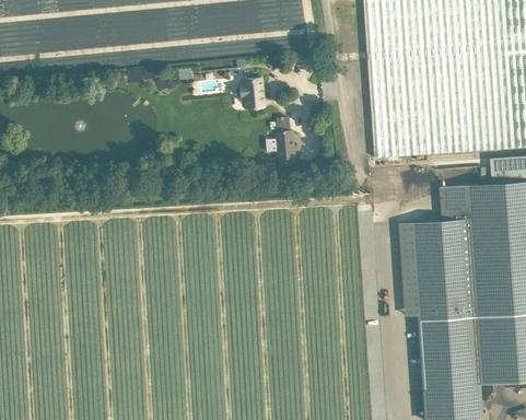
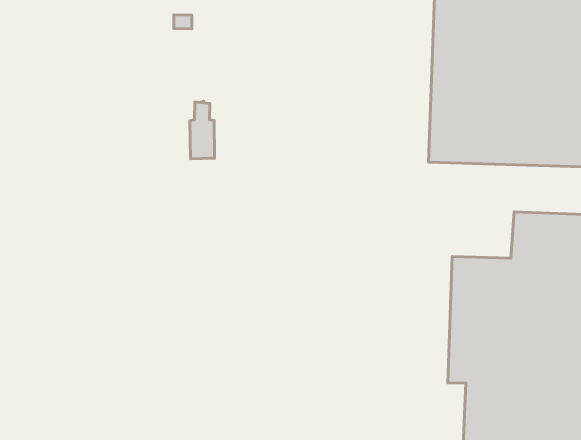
building: [238,78,266,108] -> none
building: [277,116,297,159] -> [190,101,215,159]

